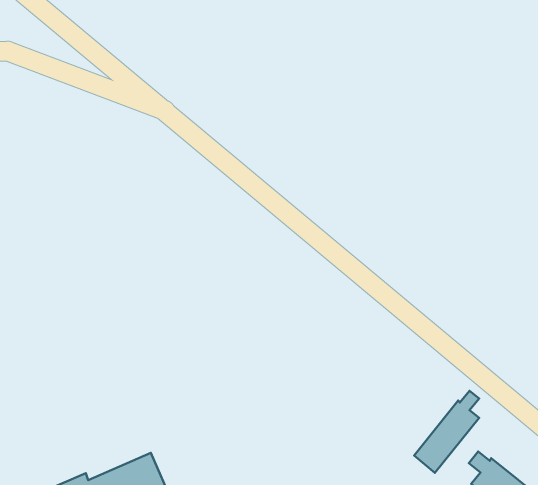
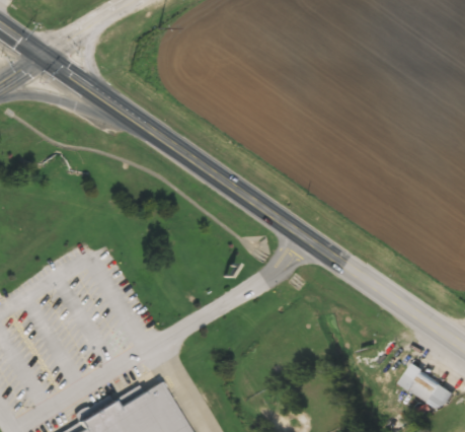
building: [414,391,479,473] -> none

